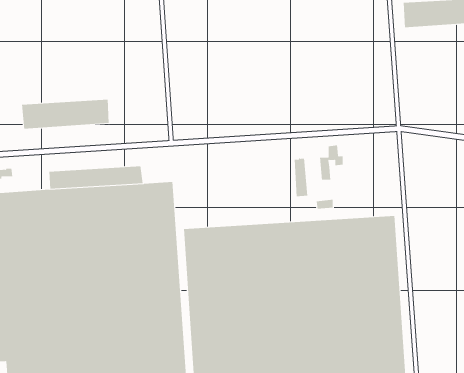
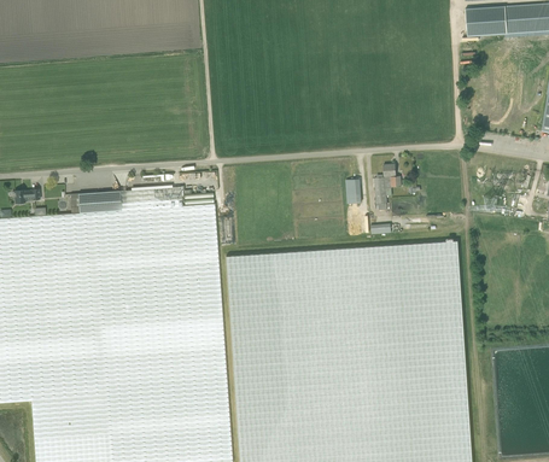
building: [22,99,109,130] -> none

